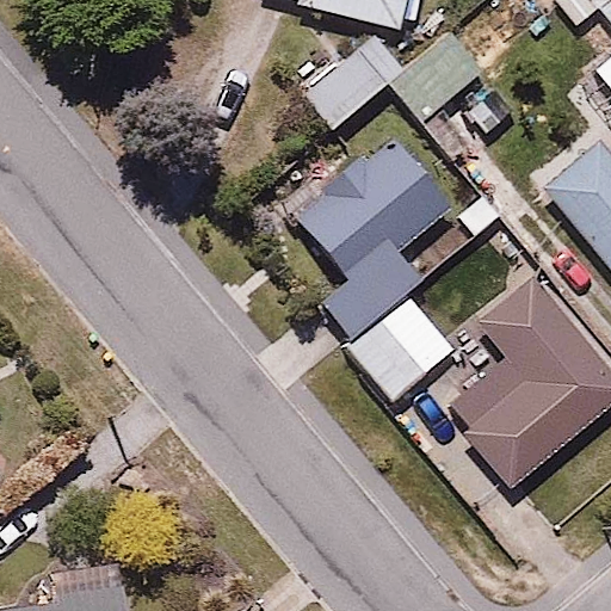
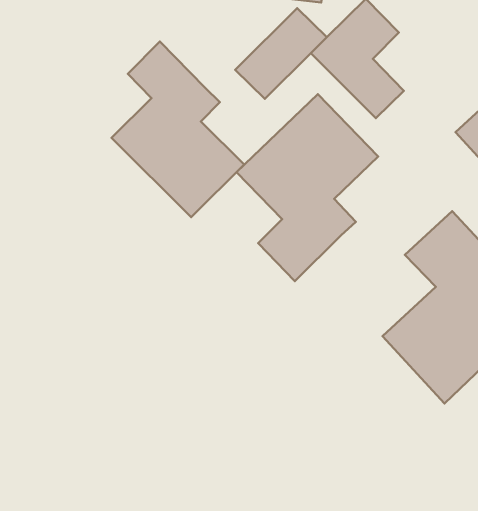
building: none -> [111,42,244,217]
building: [352,291,458,399] -> none

